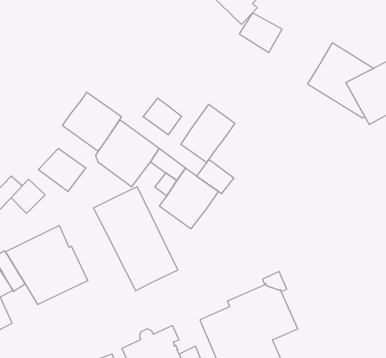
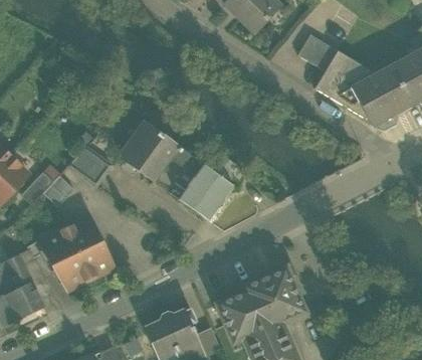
building: [239,13,282,52] -> [297,35,337,71]
building: [63,92,121,151] -> none
building: [143,98,182,135] -> none
building: [181,104,235,162] -> none
building: [93,187,178,291] -> none

